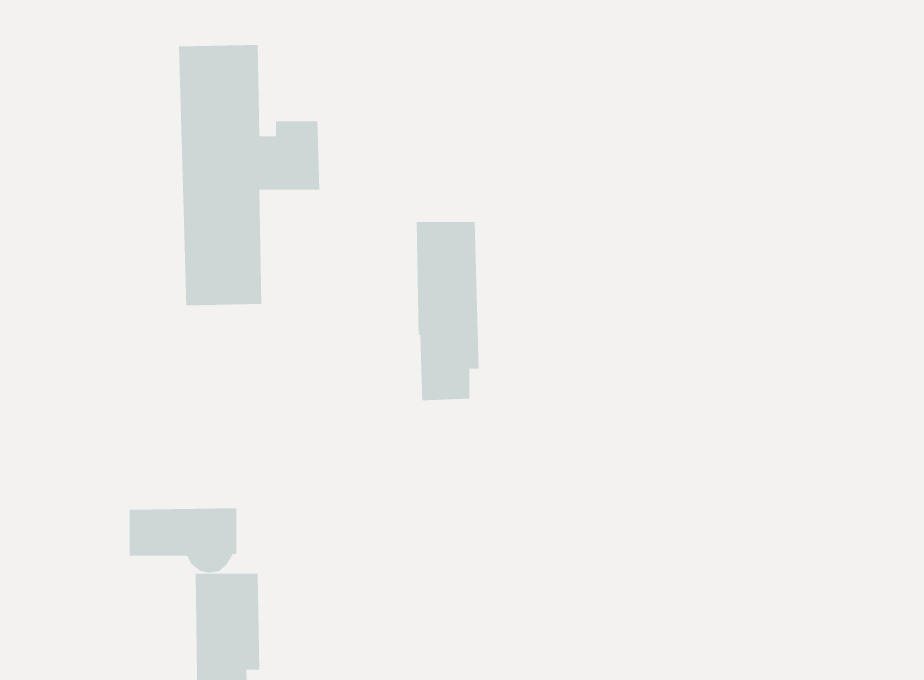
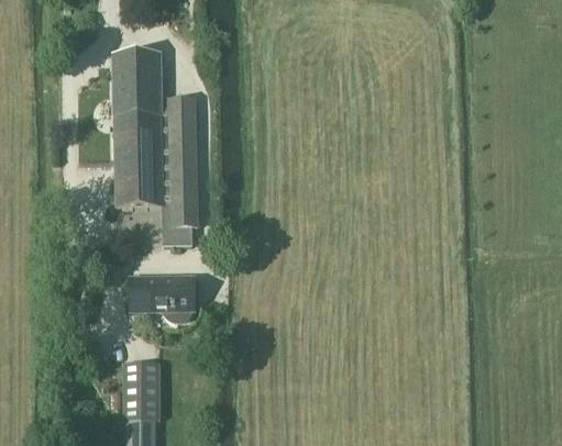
building: [416,222,479,401] -> [161,137,198,243]
building: [129,508,237,573] -> [129,278,192,316]

